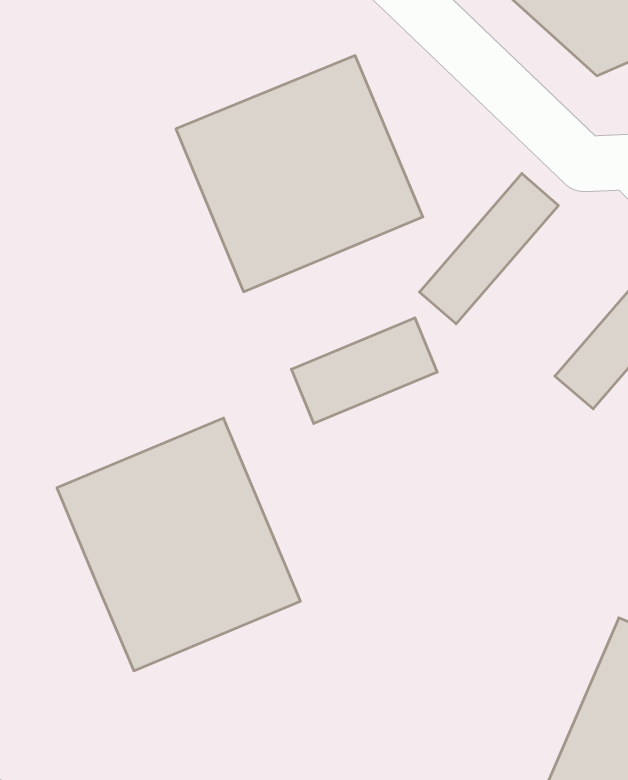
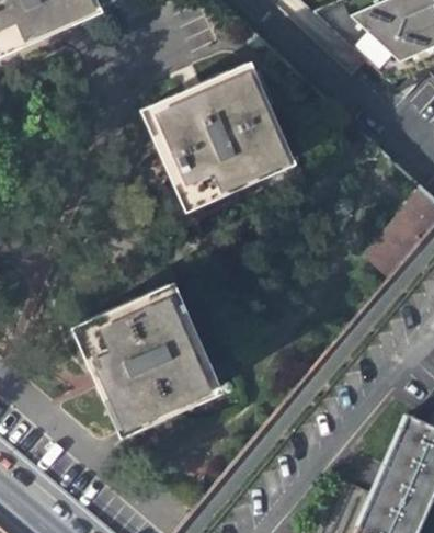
building: [419,173,558,324] -> none
building: [291,318,437,424] -> none

